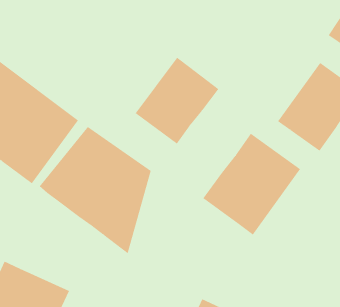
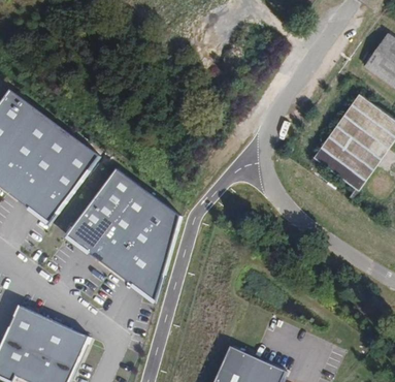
building: [135,57,219,145] -> none
building: [202,133,301,235] -> none

